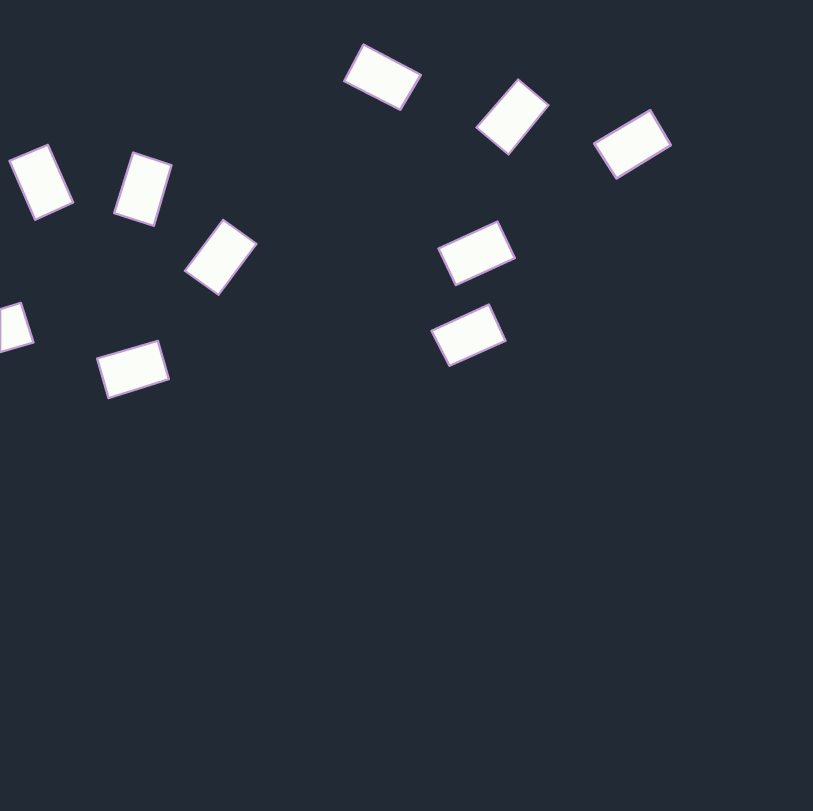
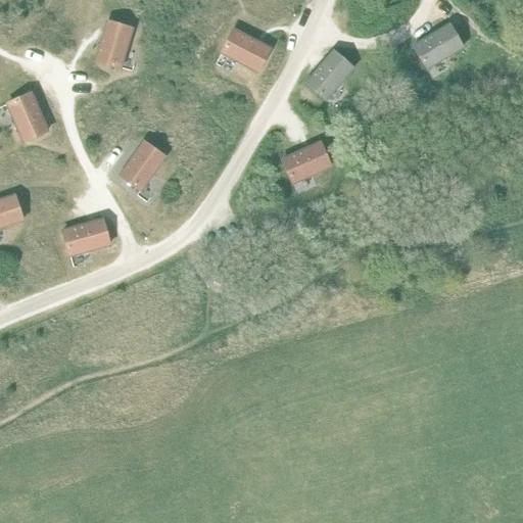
building: [594,110,671,179] -> [414,23,463,67]
building: [114,153,172,226] -> [95,20,132,67]
building: [431,305,505,366] -> none

